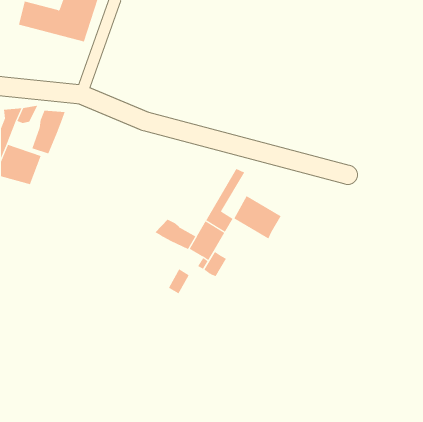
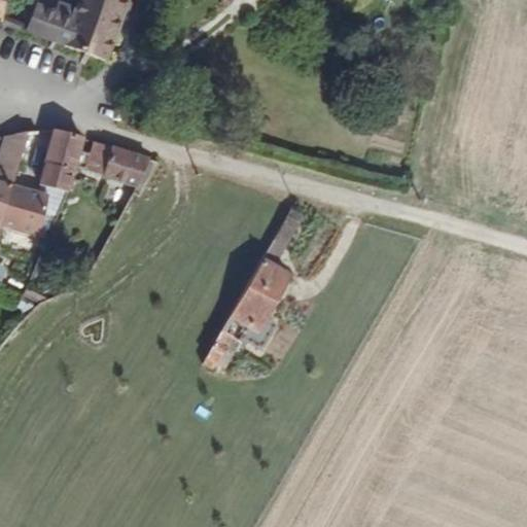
building: none -> [72,141,150,183]
building: [233,195,281,239] -> none
building: [154,219,196,250] -> none

